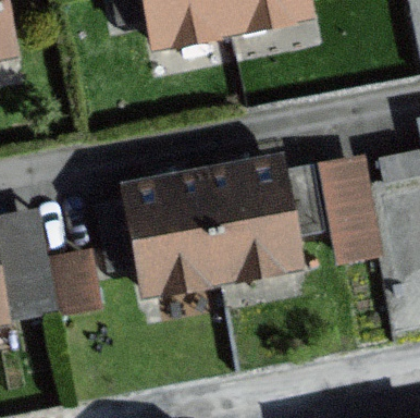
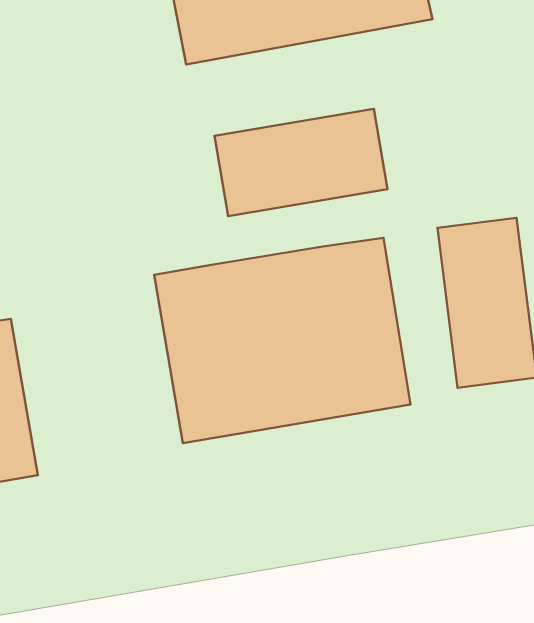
building: none -> [214,109,388,216]

